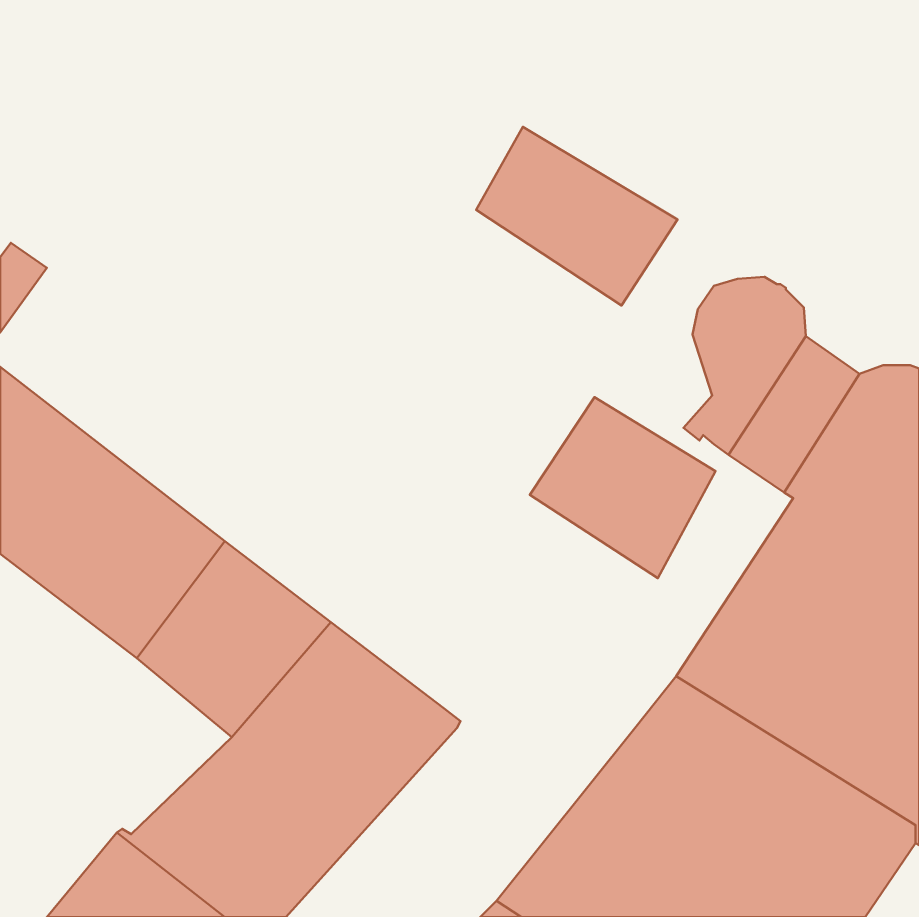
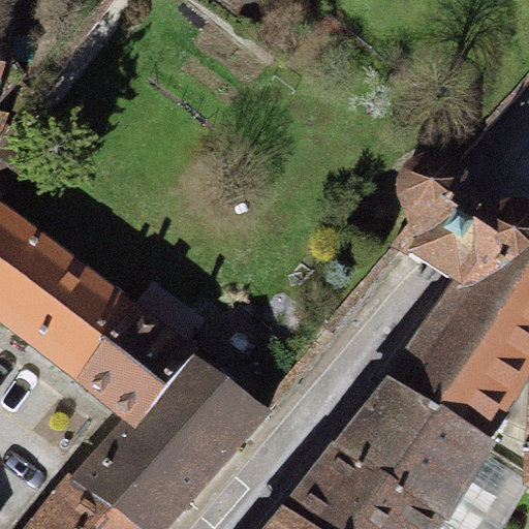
building: [476,127,677,305] -> none
building: [530,397,716,578] -> none

